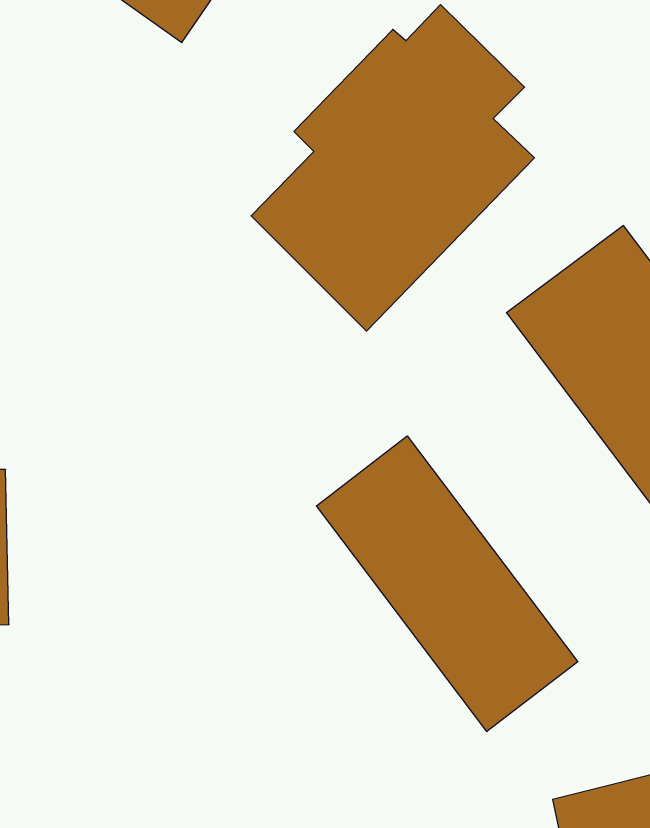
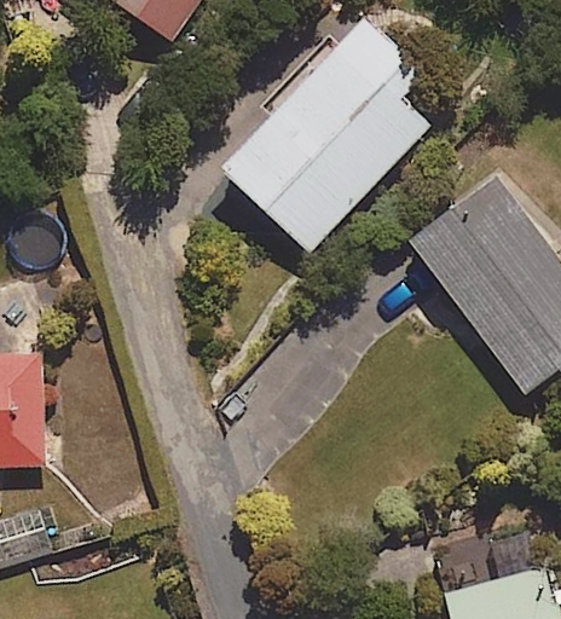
building: [316,436,578,732] -> none

